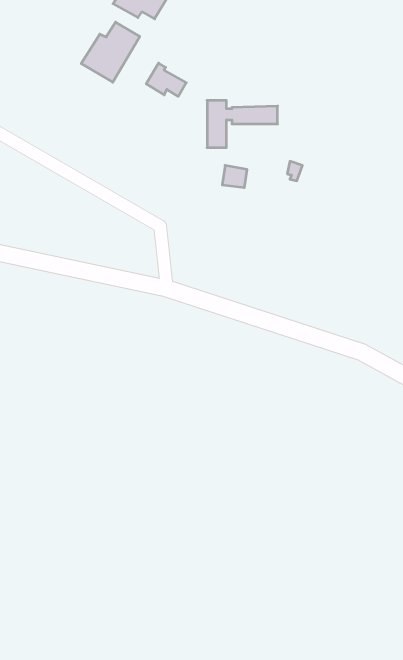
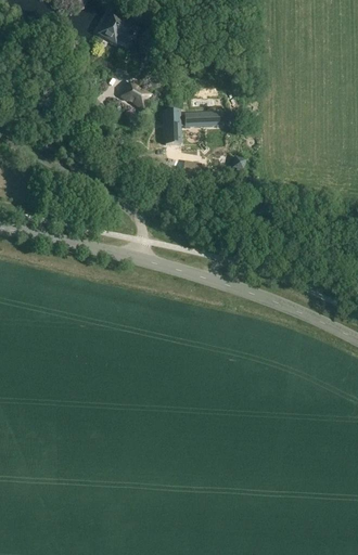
building: [81,22,140,82] -> none

